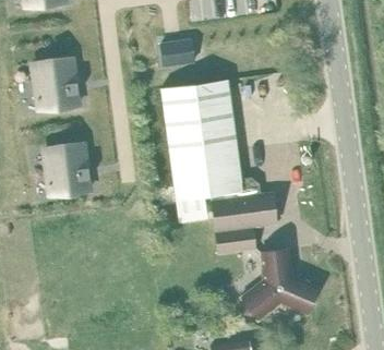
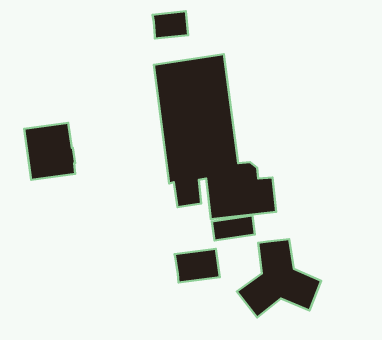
building: [34,58,80,110] -> none
building: none -> [174,249,220,282]

